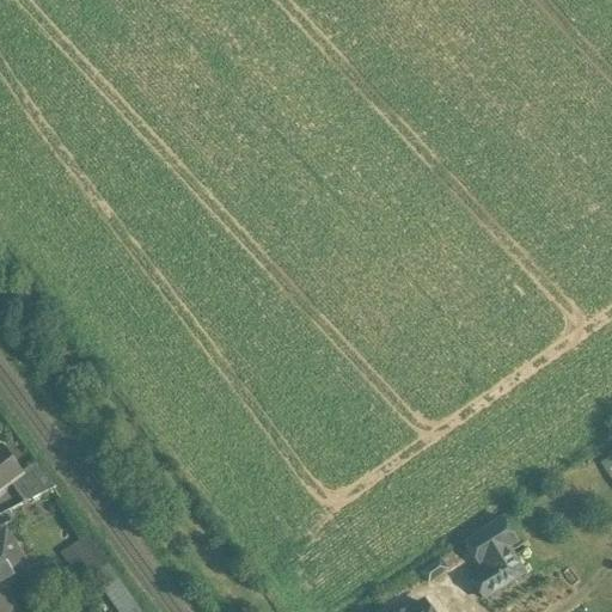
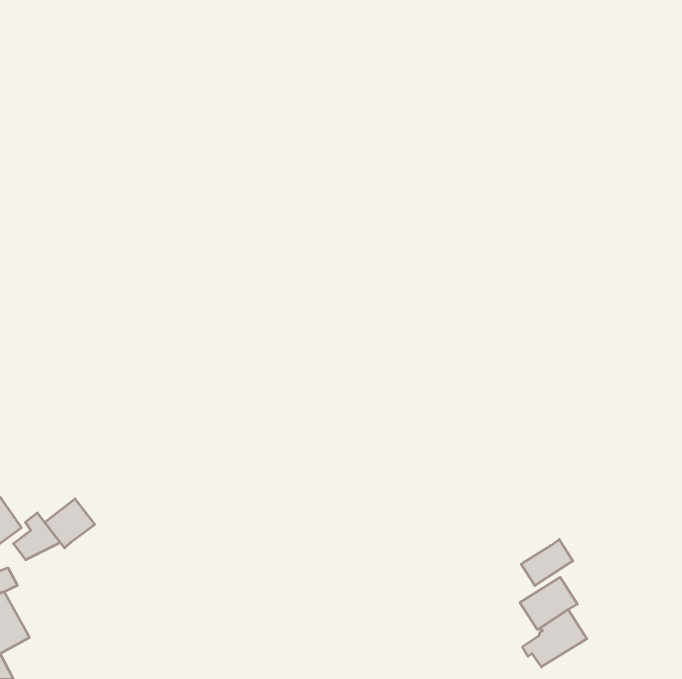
building: none -> [45,499,95,548]
building: none -> [521,539,573,586]

